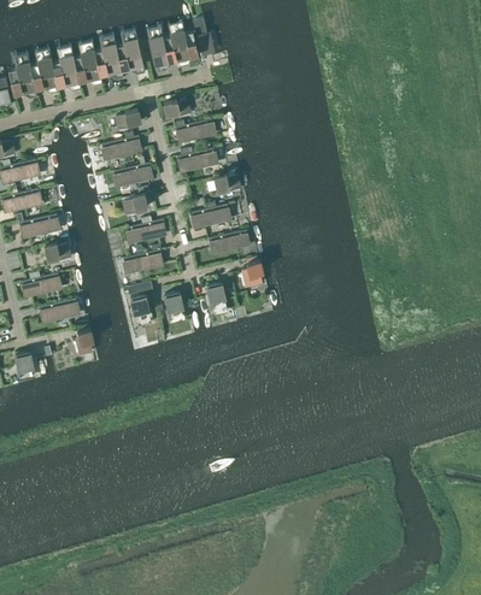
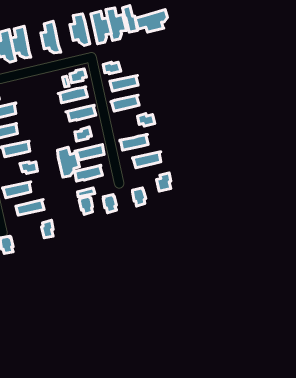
building: none -> [135,9,168,32]
building: [94,36,123,82] -> none
building: [52,48,81,93] -> none
building: none -> [57,147,80,177]

